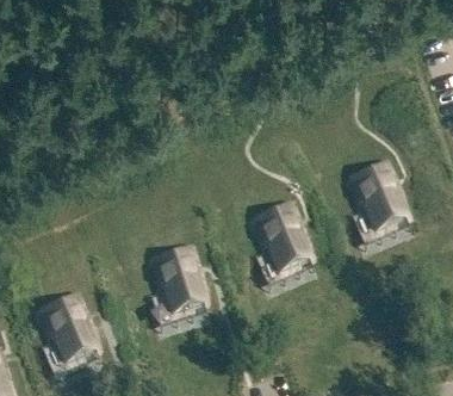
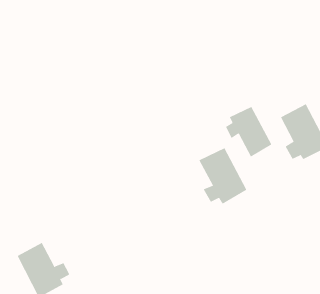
building: none -> [225,106,272,158]
building: [156,256,211,316] -> none

